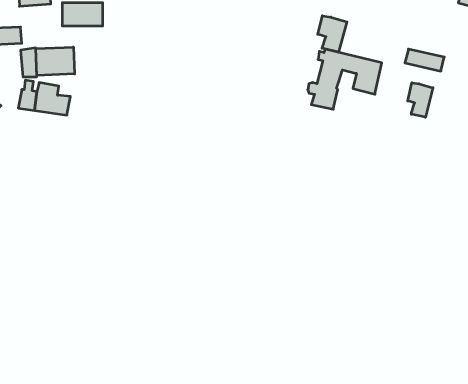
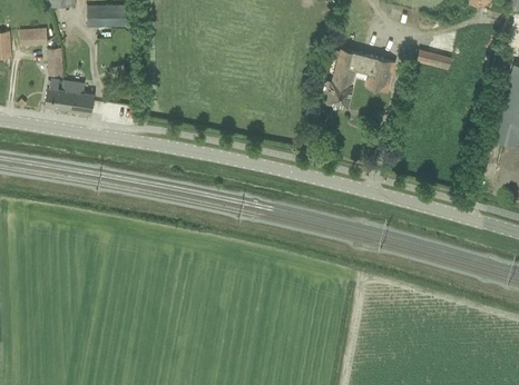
building: [318,16,347,52] -> none
building: [36,47,75,75] -> none
building: [408,83,433,117] -> none

